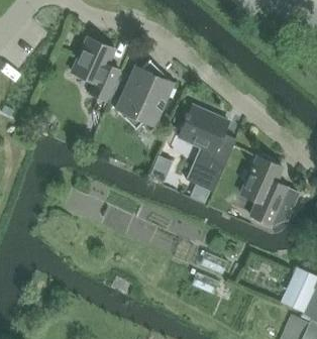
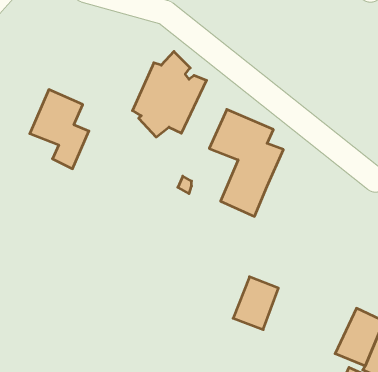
building: [72,36,119,100] -> [30,90,89,169]
building: [241,156,298,225] -> none

